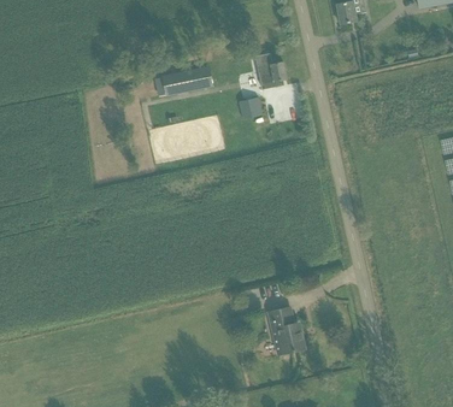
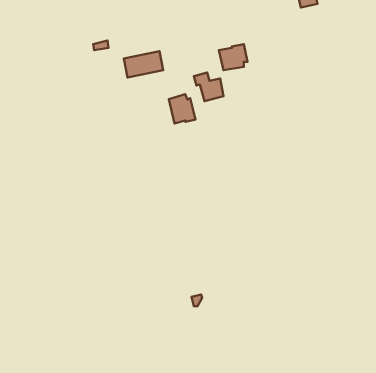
building: none -> [169,94,195,124]
building: [267,308,304,356] -> none

